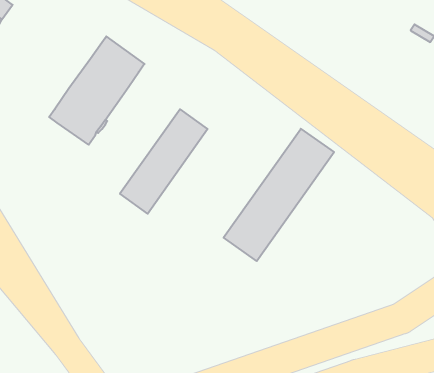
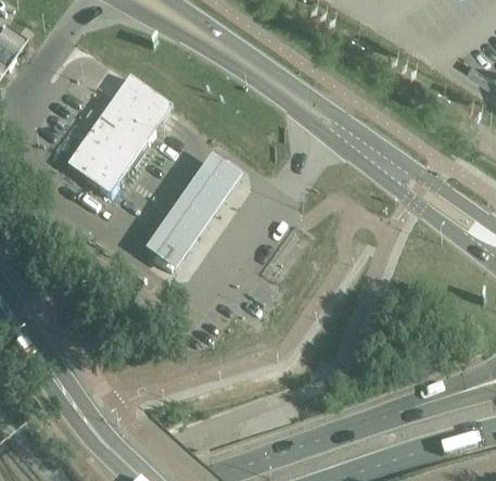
building: [224,129,334,261] -> none

